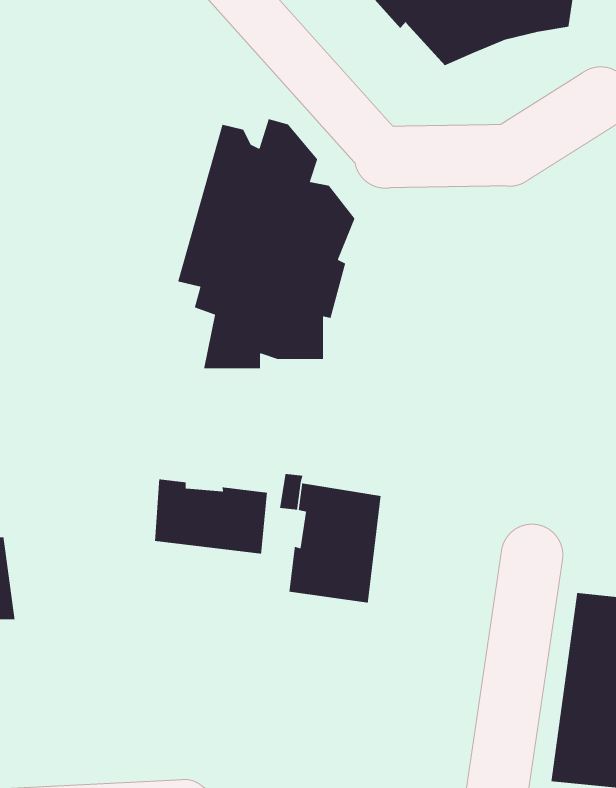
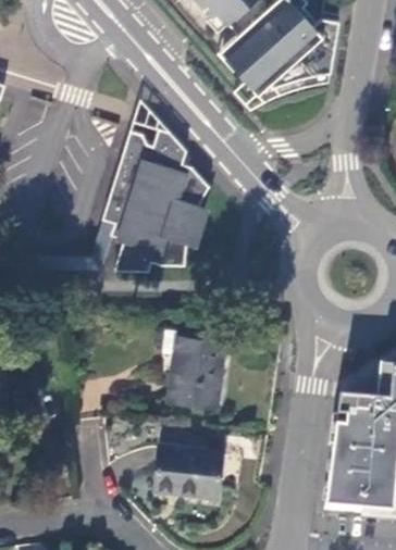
building: [154,479,268,554] -> none
building: none -> [156,445,224,496]

